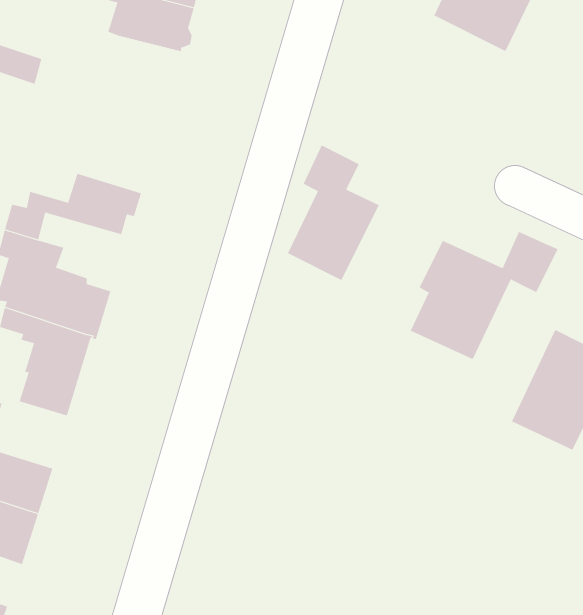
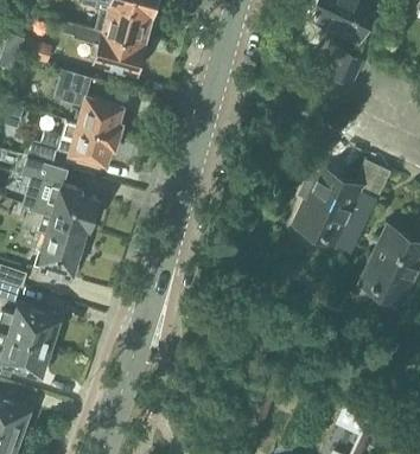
building: none -> [63,21,145,73]
building: none -> [325,50,362,85]
building: none -> [55,70,122,135]
building: [287,144,380,281] -> none

